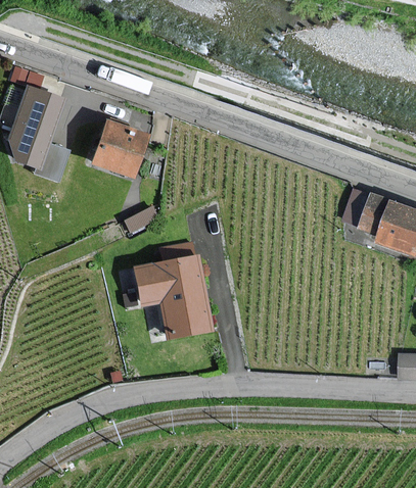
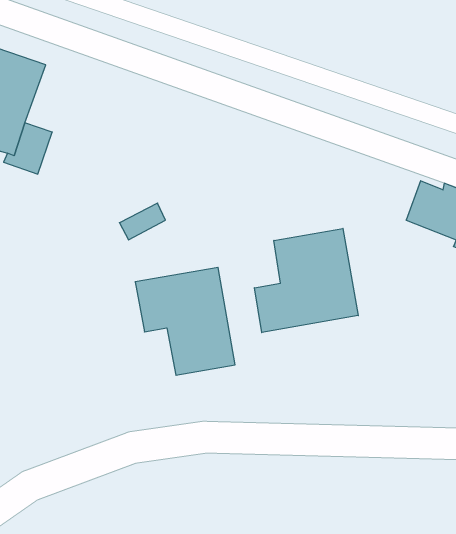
building: [90,119,148,179] -> none
building: none -> [254,228,358,333]

